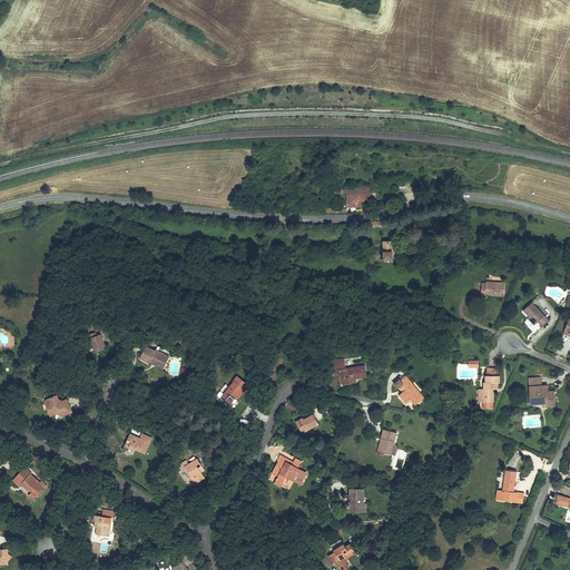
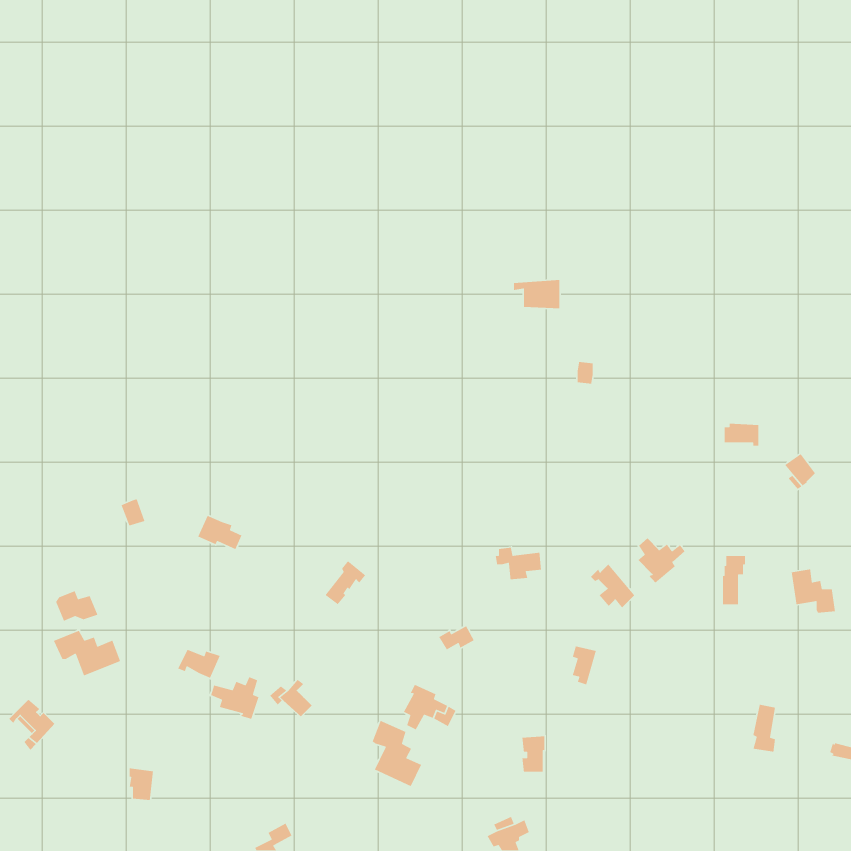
building: none -> [638,538,685,584]
building: none -> [53,630,121,677]
building: none -> [210,676,259,720]
building: none -> [372,720,422,787]

